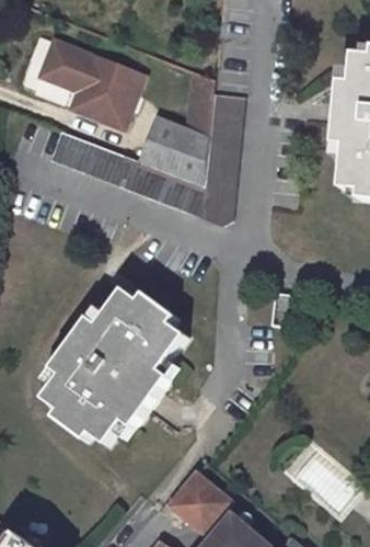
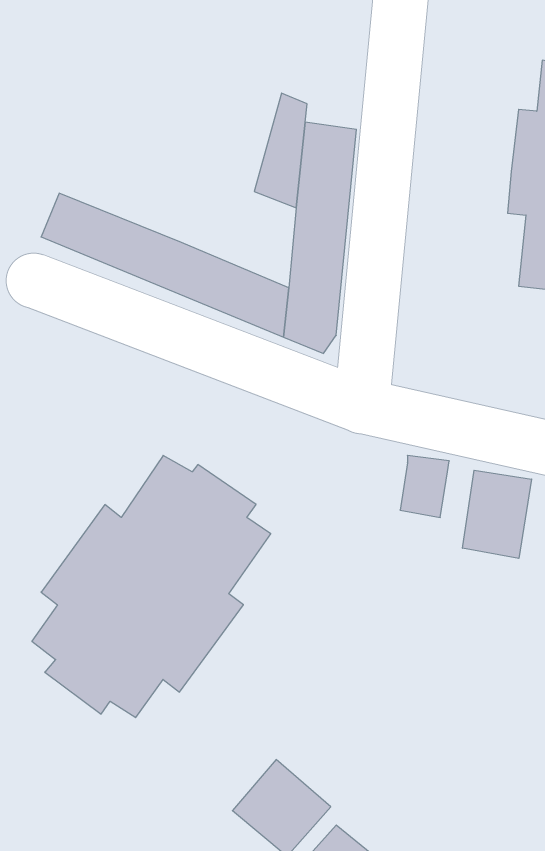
building: [39,38,147,129] -> none
building: [135,119,204,189] -> none
building: none -> [463,470,532,558]

